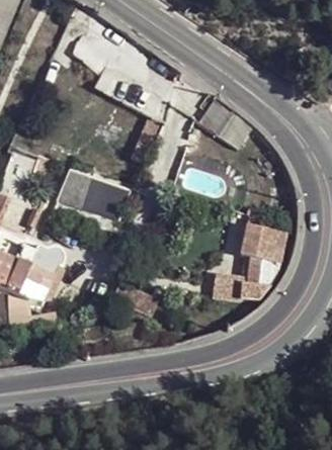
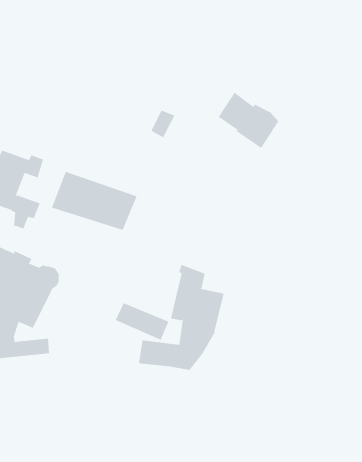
building: [211,210,284,301] -> [138,264,224,370]

